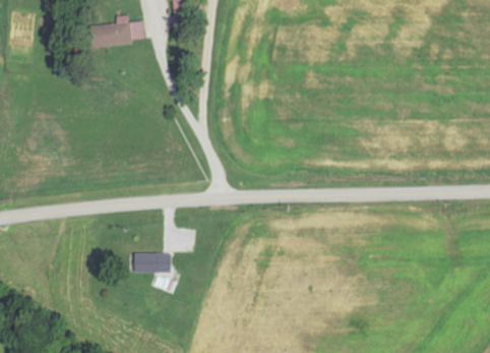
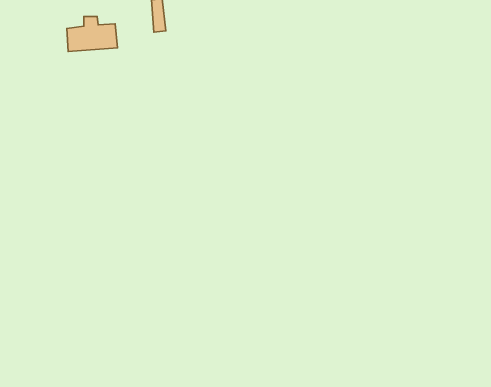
building: [134,254,170,273] -> none

